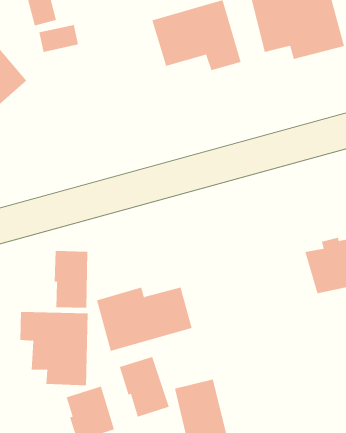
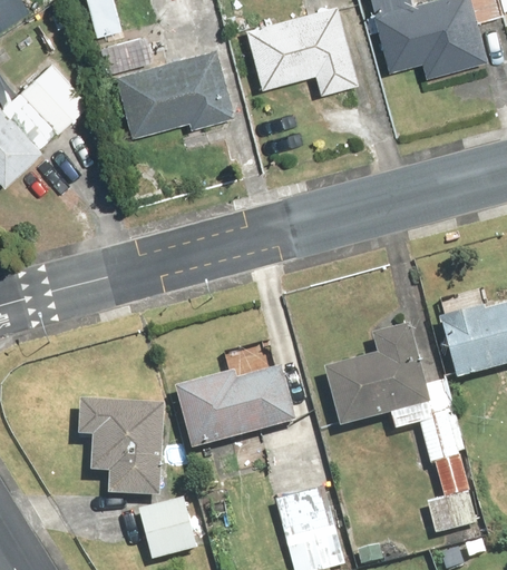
building: none -> [116,48,235,137]
building: [54,250,88,309] -> none
building: none -> [324,325,481,538]
building: [119,356,170,417] -> none

